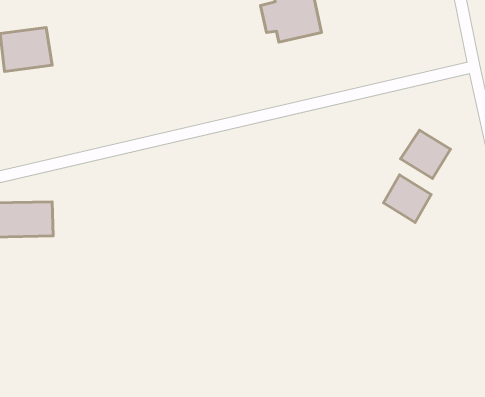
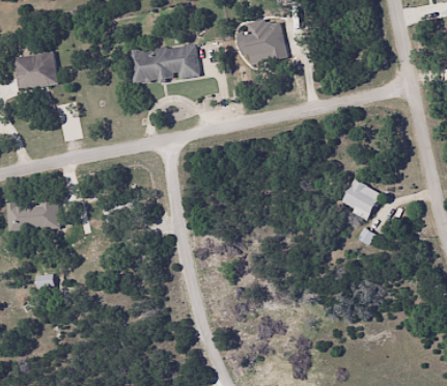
building: none -> [131,45,198,81]
building: [400,130,450,178] -> none

